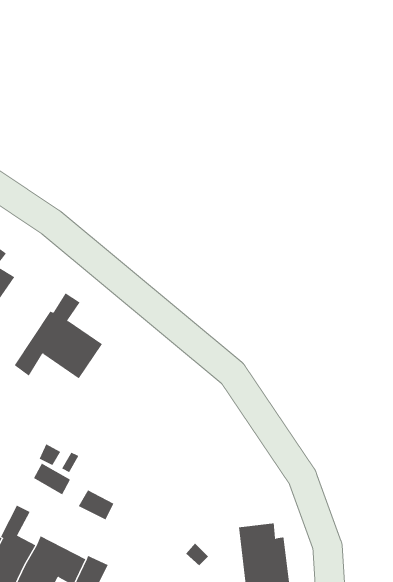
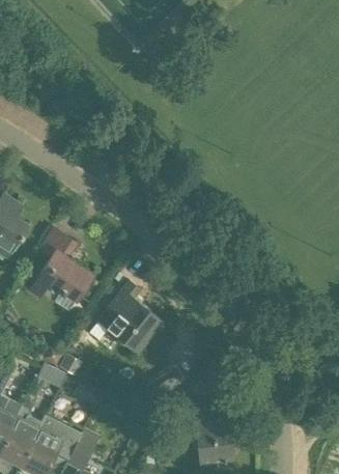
building: none -> [97,282,161,353]

